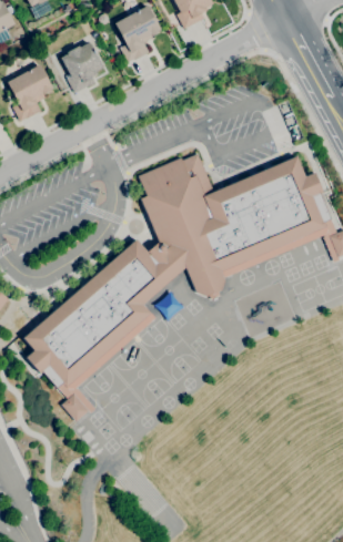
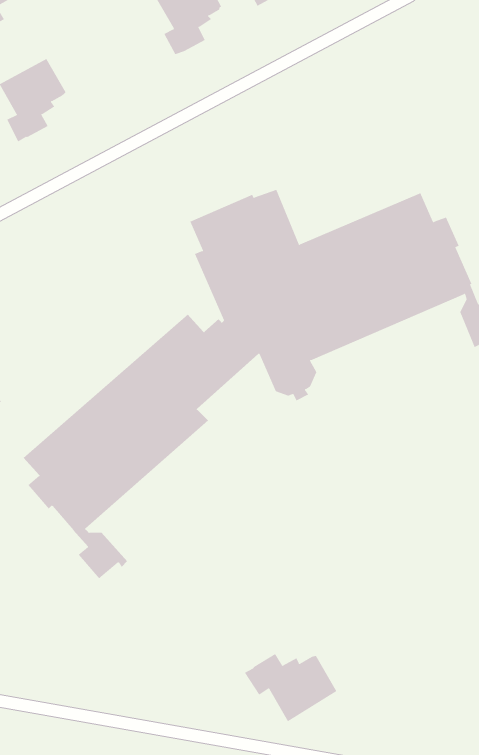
building: [61,41,103,93] -> none
building: none -> [244,653,337,722]

